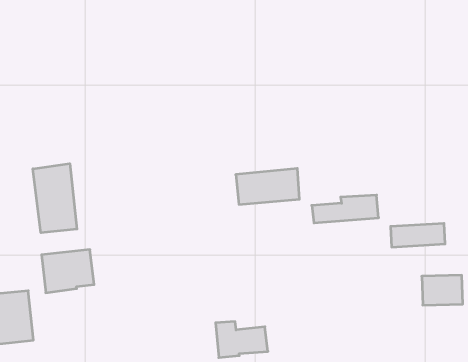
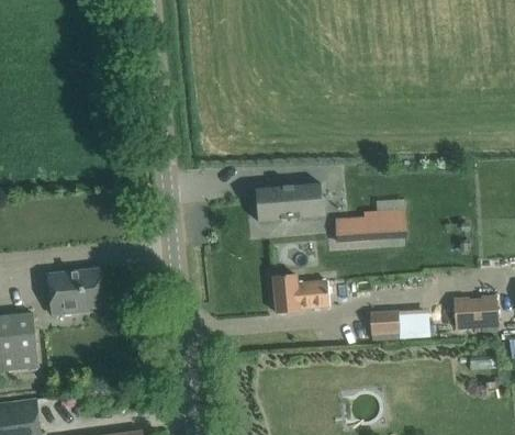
building: [33,164,77,233] -> none
building: [391,223,445,247] -> [369,309,427,334]
building: [216,322,268,358] -> [272,275,328,313]

